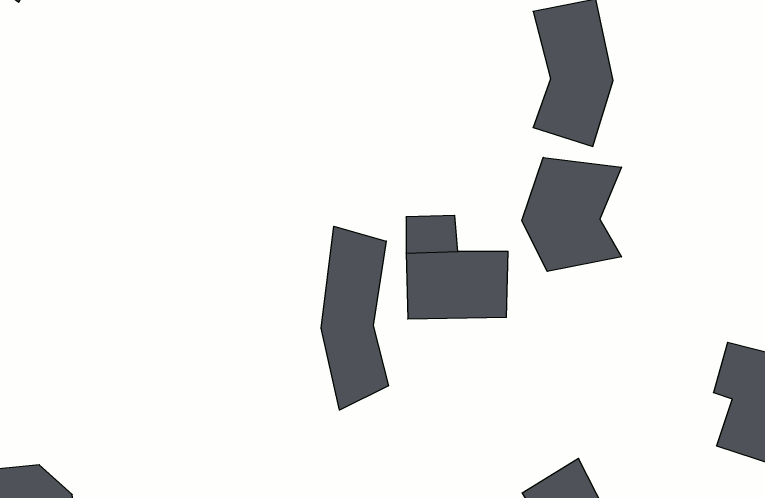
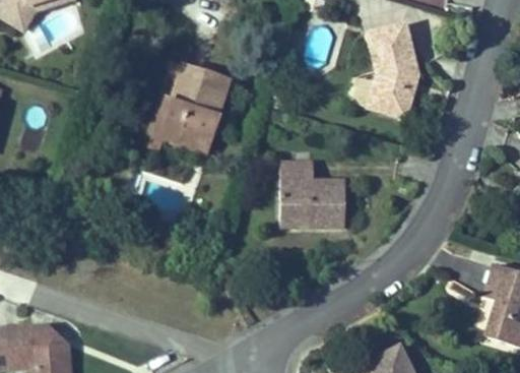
building: none -> [149,68,231,156]
building: [522,157,621,271] -> none
building: [321,226,388,410] -> none

